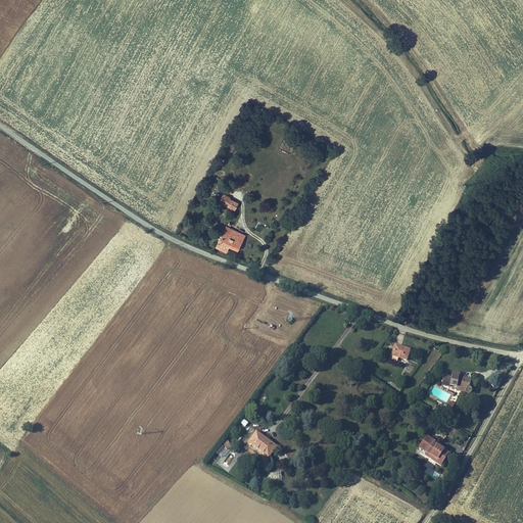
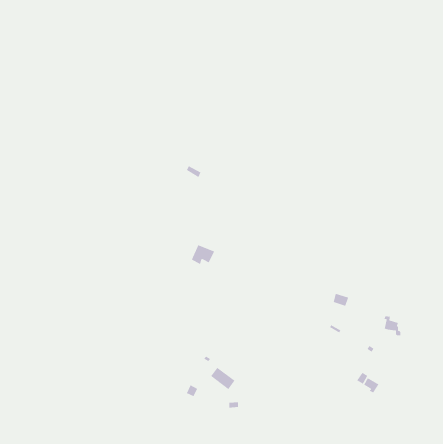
building: [217,227,245,251] -> [191,244,215,265]

